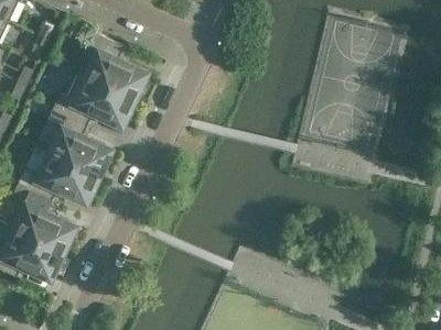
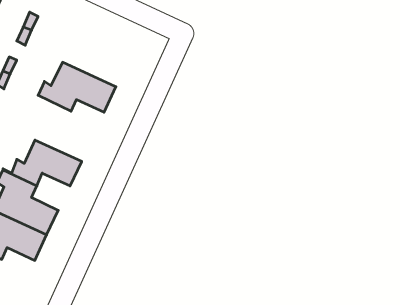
building: [79,35,147,99] -> none
building: [51,108,111,176] -> none

